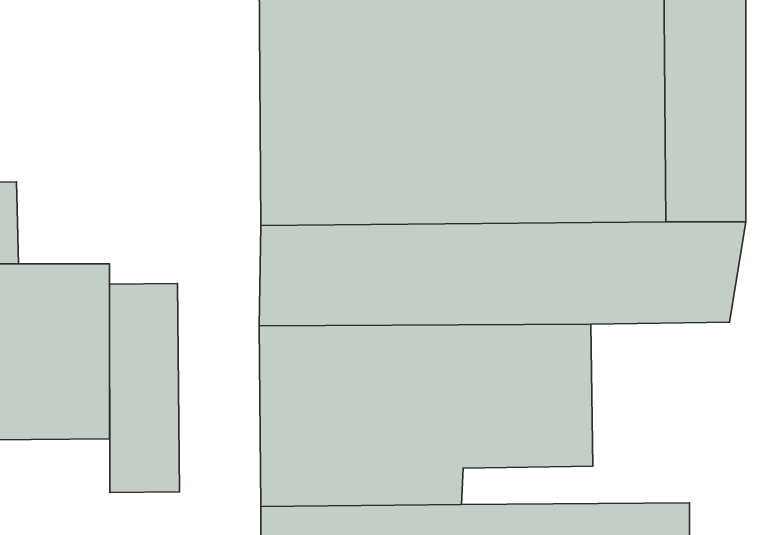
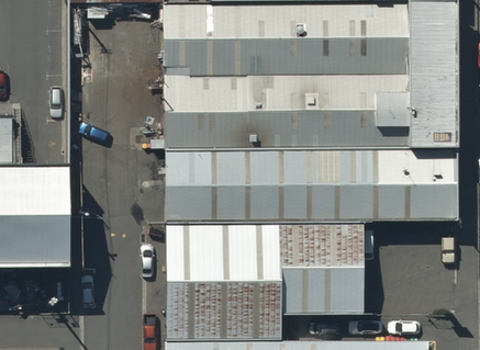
building: [110,284,180,492] -> none

